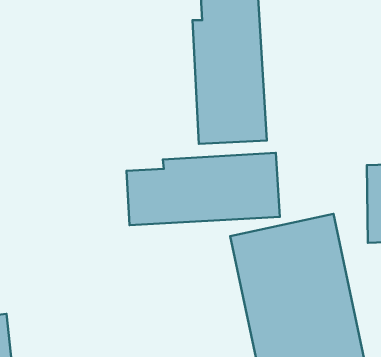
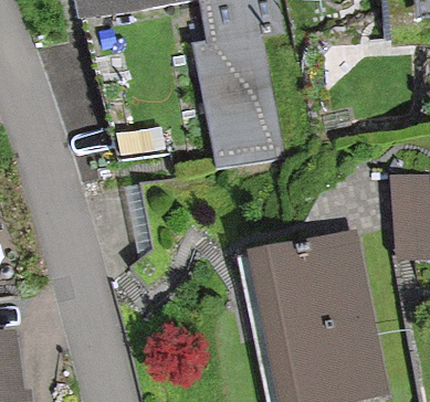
building: [126,153,280,225] -> none

